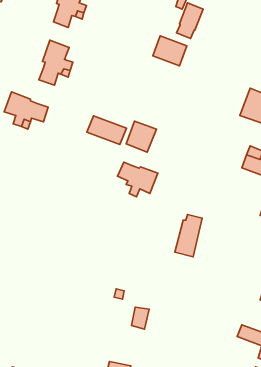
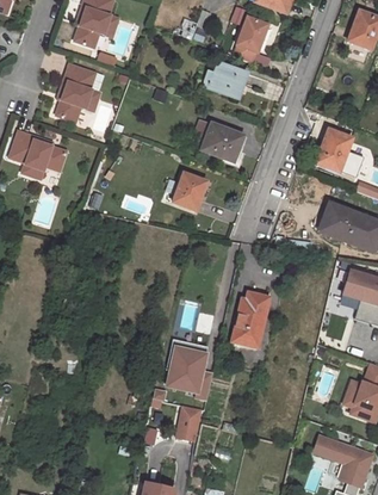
building: none -> [202,123,244,162]
building: [87,116,126,145] -> none
building: [118,162,158,197] -> none
building: none -> [165,344,212,402]

